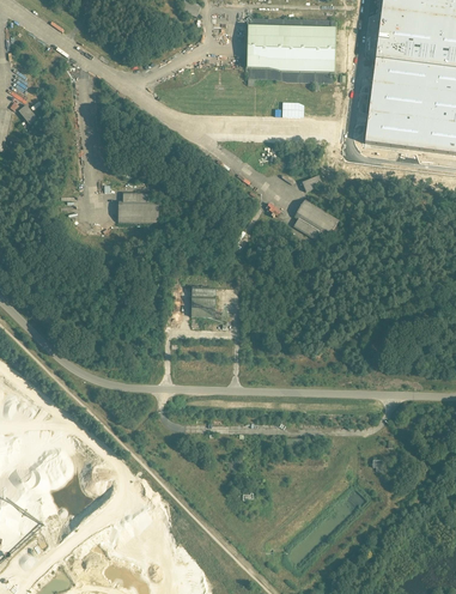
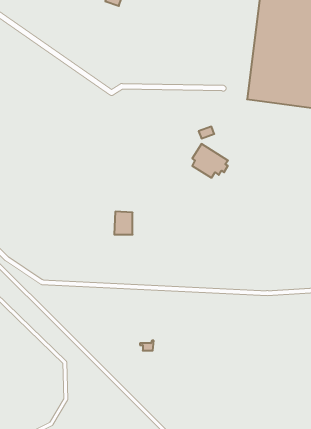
building: [247,17,335,85] -> none
building: [118,193,164,224] -> none

